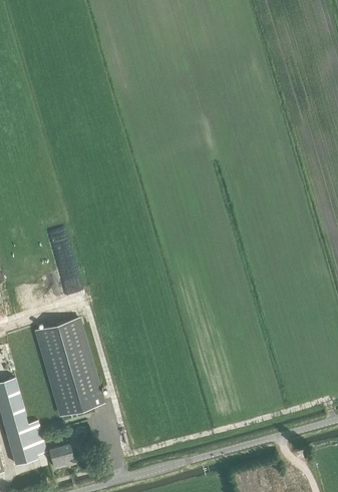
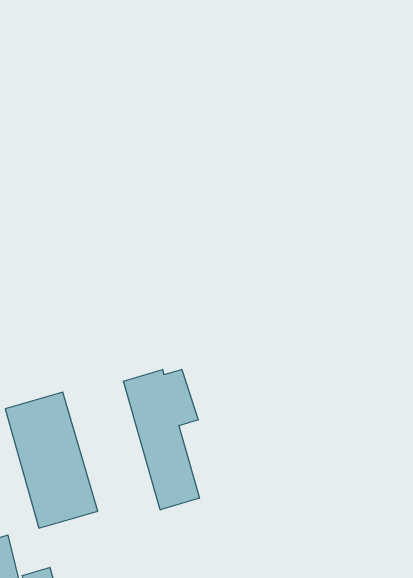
building: none -> [123,369,199,510]

